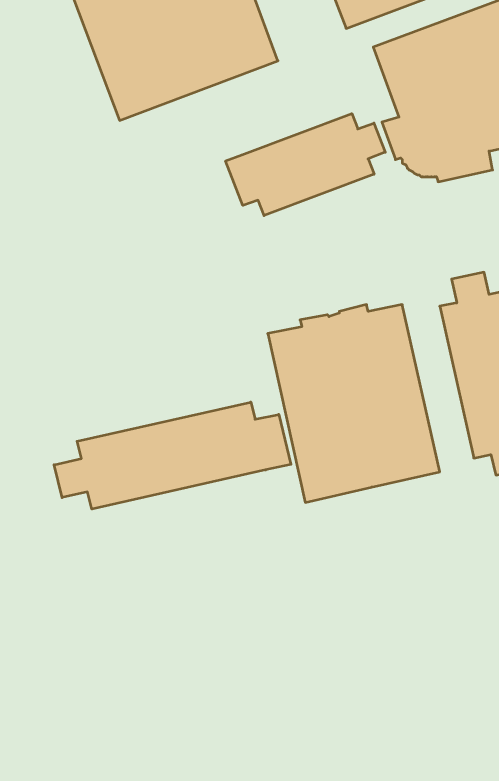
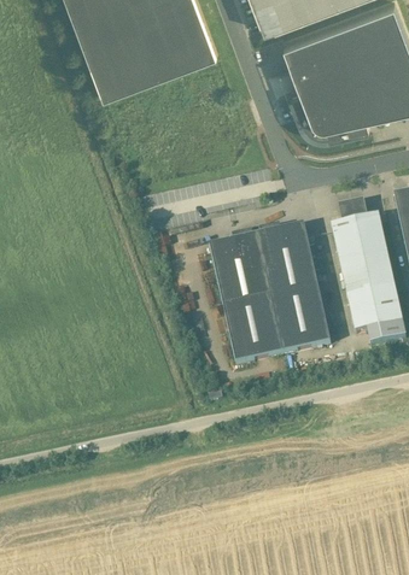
building: [226,114,385,216] -> none
building: [54,402,291,509] -> none

